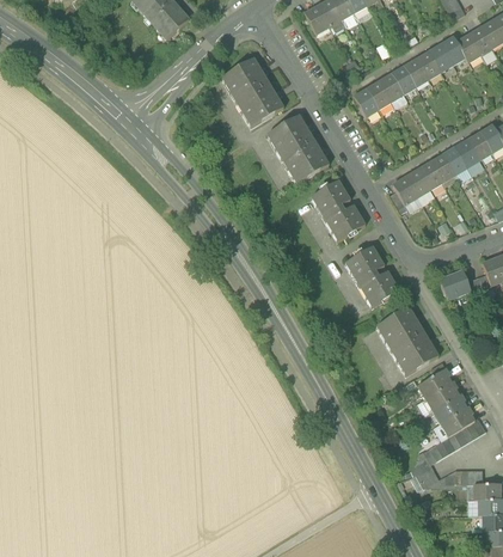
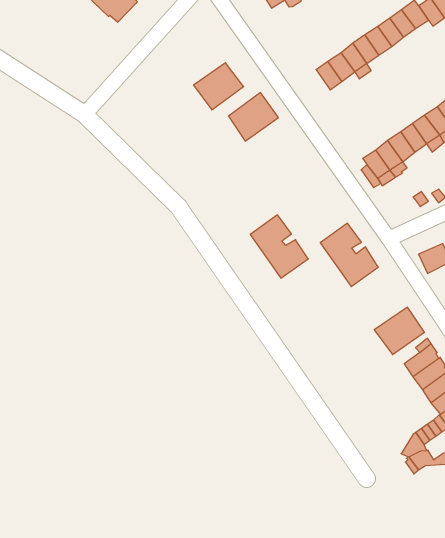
building: [221,57,268,102] -> none
building: [281,139,329,183] -> none
building: [311,179,364,240] -> [250,215,308,278]
building: [376,306,424,349] -> none

